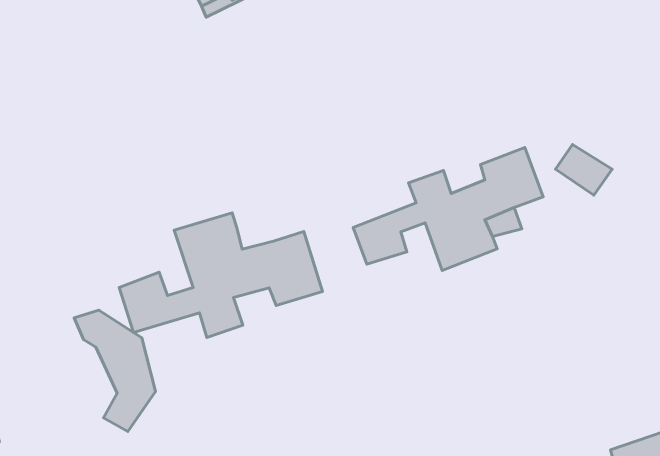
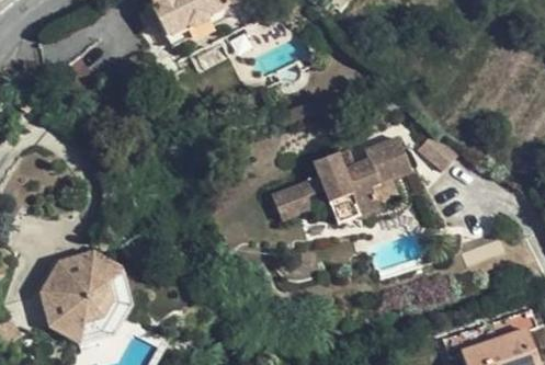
building: [119,213,322,337] -> none
building: none -> [38,254,114,344]

